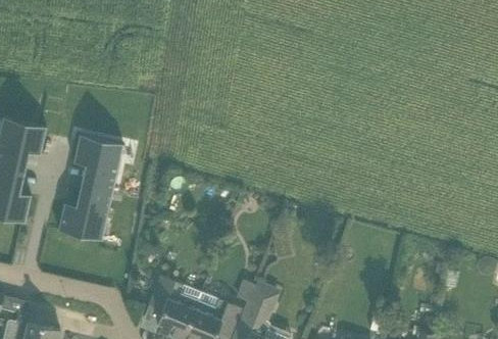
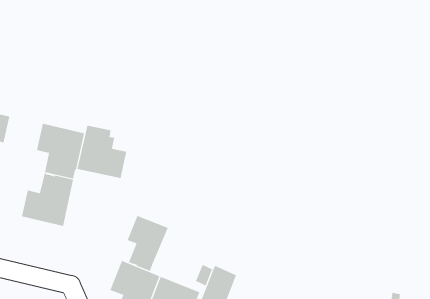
building: none -> [77,125,127,179]
building: none -> [127,215,168,272]

